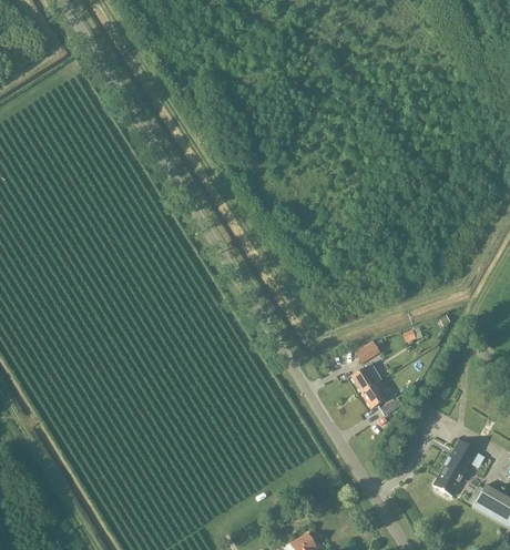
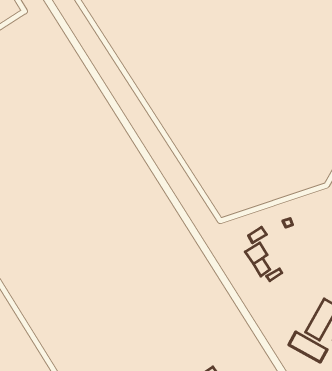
building: none -> [289,332,327,362]

